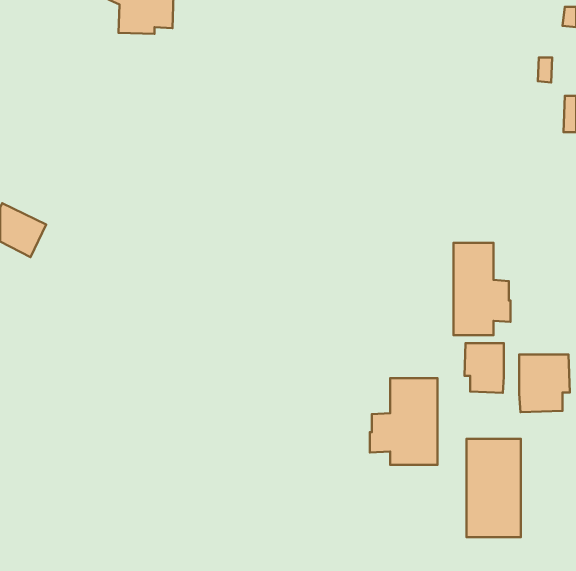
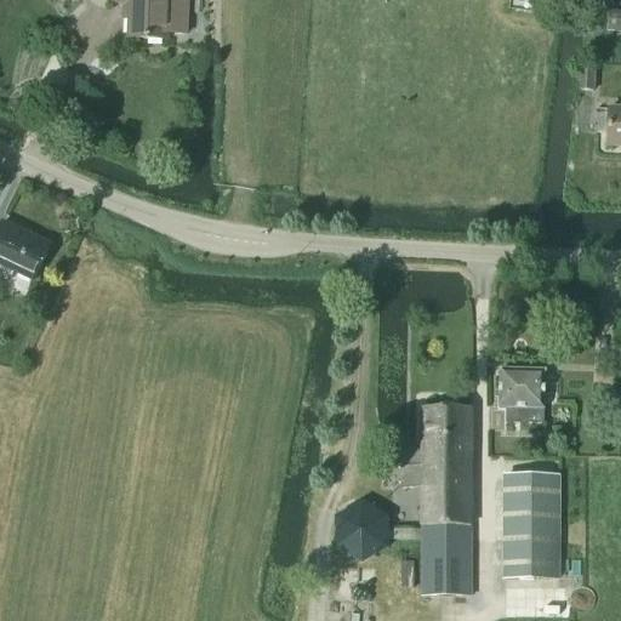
building: [454,243,511,335] -> none
building: [519,355,570,412] -> none
building: none -> [334,497,471,593]

